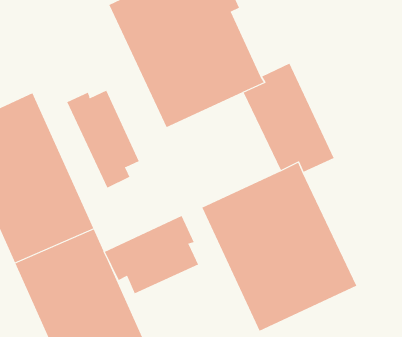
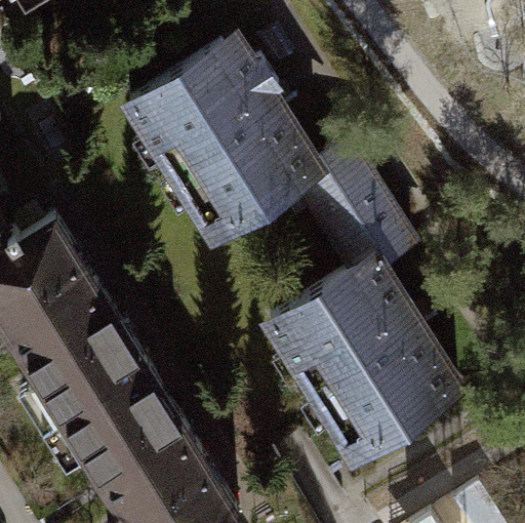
building: [66,90,140,189] -> none
building: [104,215,199,294] -> none

